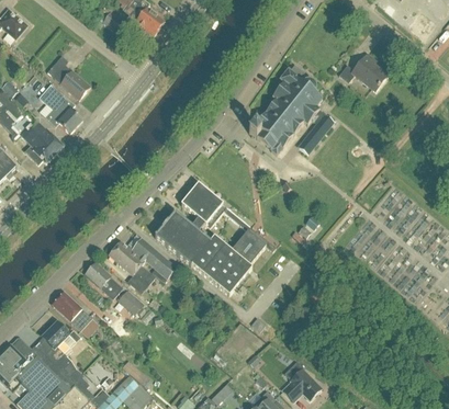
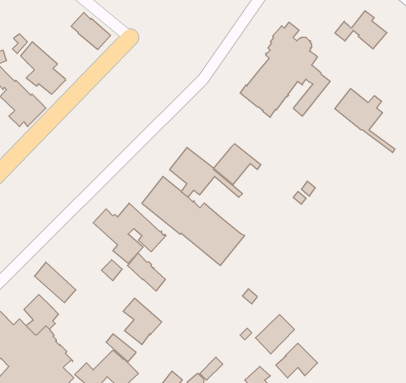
building: [54,64,91,99] -> [71,12,111,49]
building: none -> [335,89,395,153]
building: [231,227,276,265] -> [214,144,261,185]
building: [86,262,122,298] -> [127,253,165,291]
building: none -> [123,298,162,345]
building: none -> [255,315,294,354]

